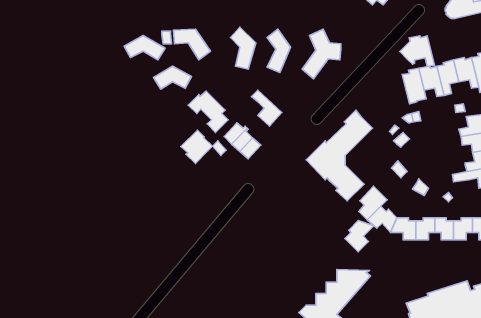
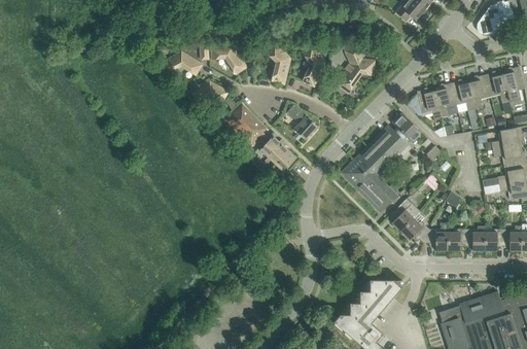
building: [400,36,435,66] -> [408,89,442,118]
building: none -> [391,111,421,142]
building: [181,130,212,163] -> none
building: [345,221,374,252] -> none

